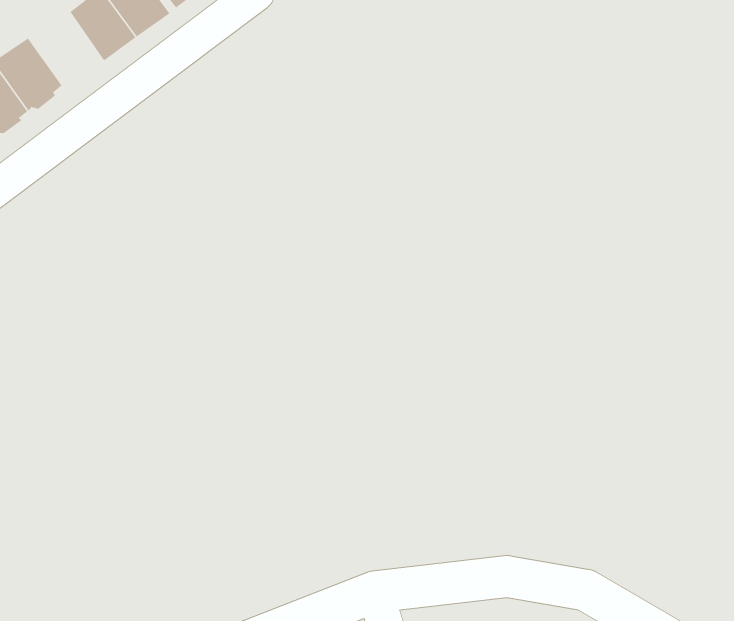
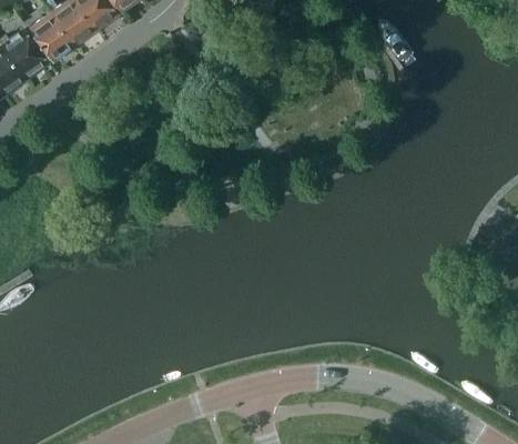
building: none -> [28,14,72,62]

